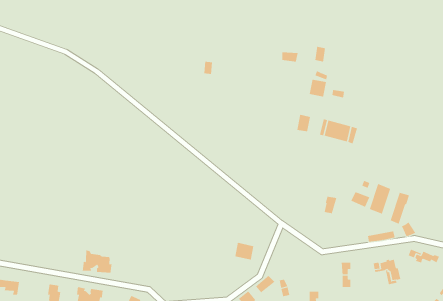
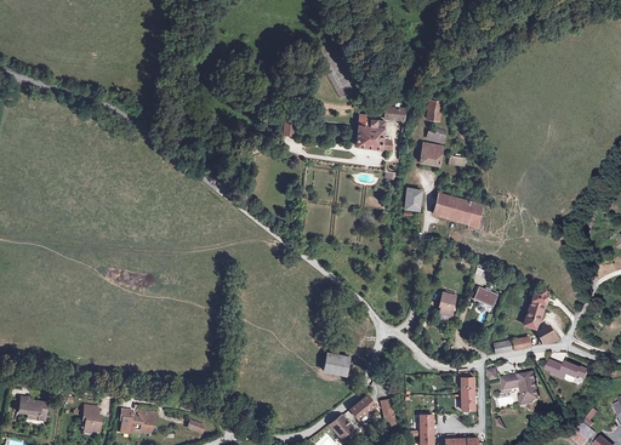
building: none -> [355,114,392,149]
building: [369,183,391,215] -> none
building: [82,250,112,274] -> none

